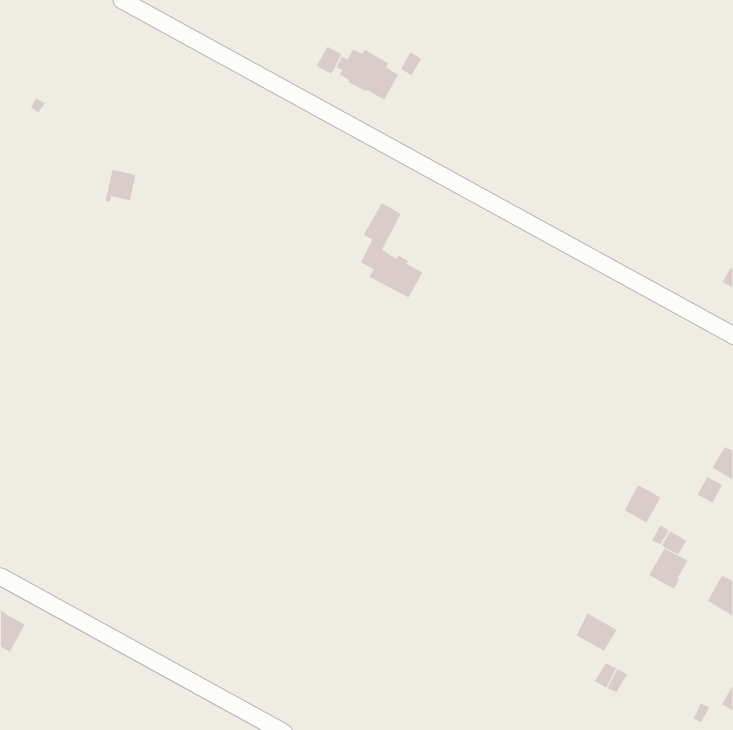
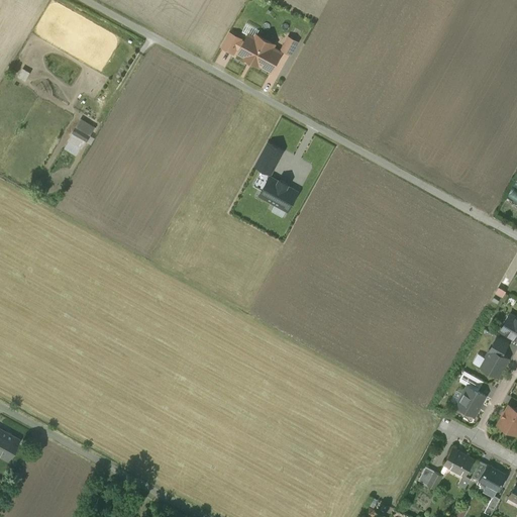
building: [624,485,661,523] -> [481,350,507,378]
building: [576,613,617,651] -> [444,449,474,477]
building: none -> [479,467,506,492]

